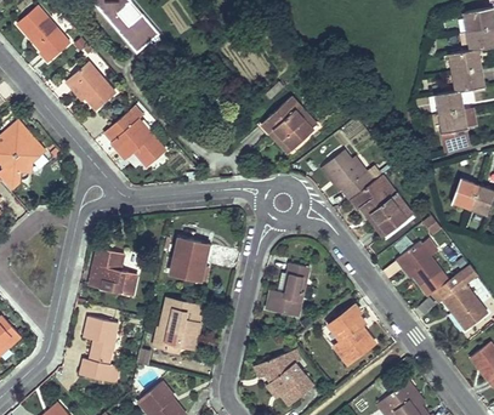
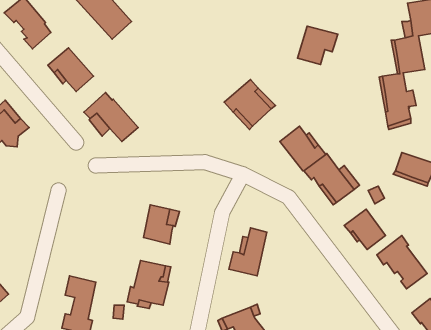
building: none -> [298,26,338,64]
building: [92,248,137,296] -> none
building: [328,306,374,363] -> none

